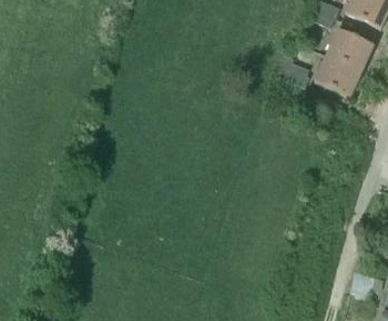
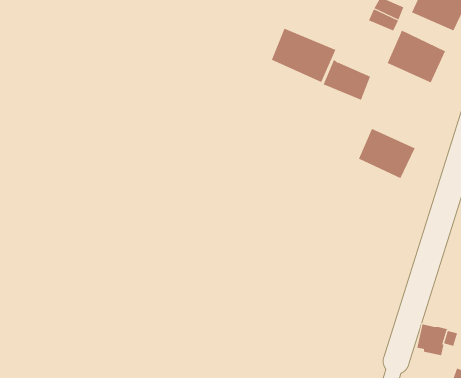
building: none -> [271,28,336,83]
building: [314,56,361,98] -> [358,128,416,179]

